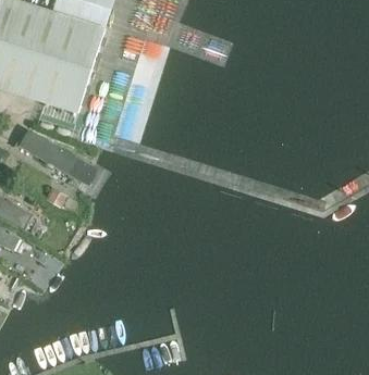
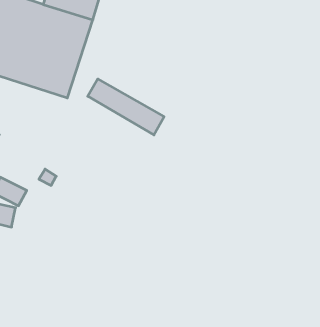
building: [19,129,100,189] -> [88,79,164,135]

